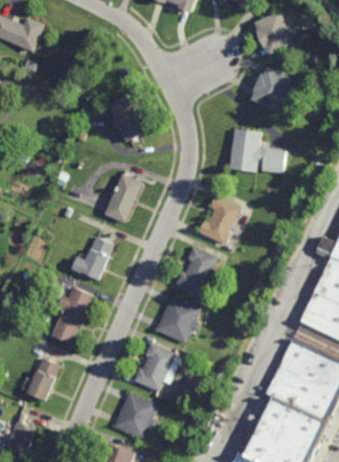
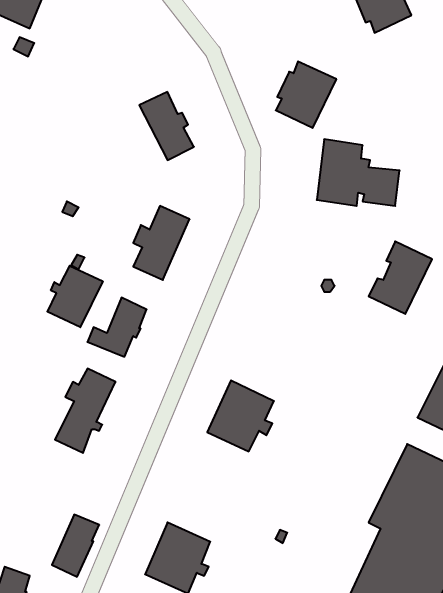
building: [251,67,292,112] -> [276,61,336,128]
building: [197,196,241,245] -> [369,241,432,314]
building: none -> [47,266,103,327]
building: [175,248,215,294] -> none
building: [132,342,178,389] -> none
building: [26,358,59,400] -> [52,515,99,577]

